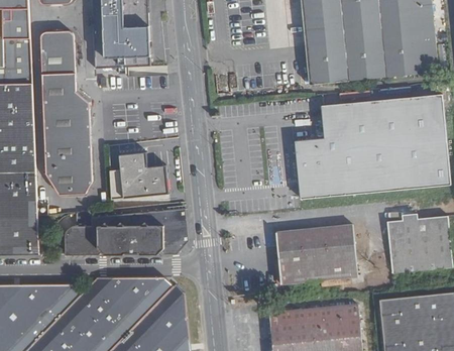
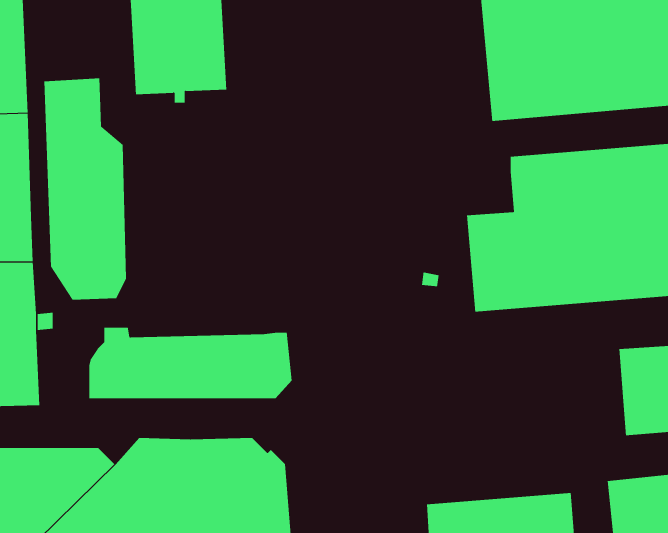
building: [38,26,74,60] -> none
building: [112,150,173,198] -> none
building: [276,227,356,283] -> none

